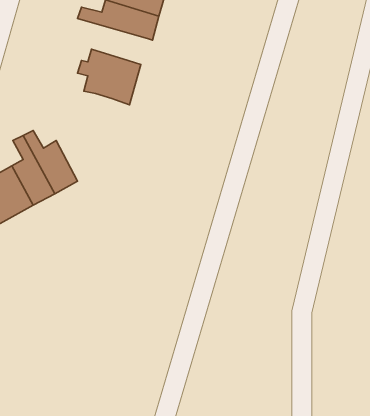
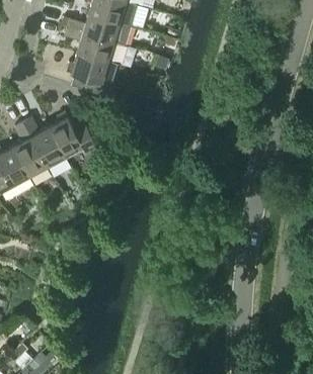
building: none -> [63,28,122,65]
building: none -> [48,112,100,158]

